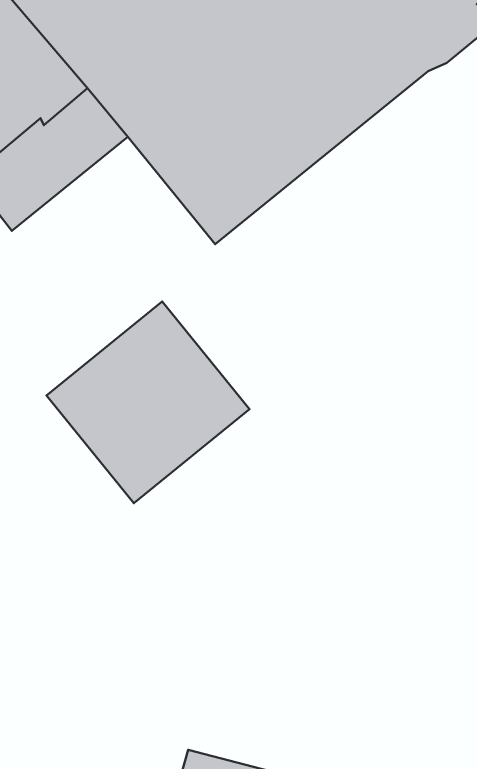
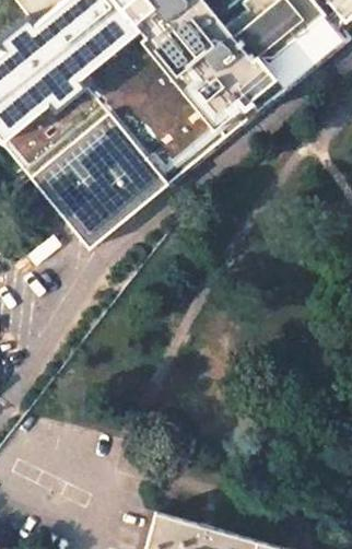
building: [46,302,250,503] -> [36,113,168,244]

